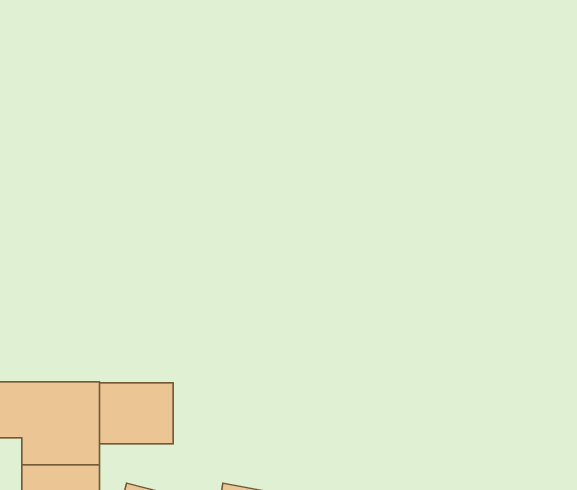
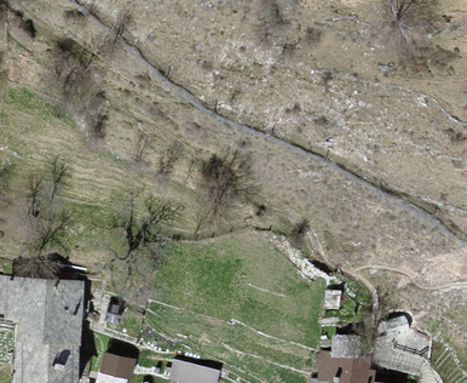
building: [99,383,173,444] -> none

